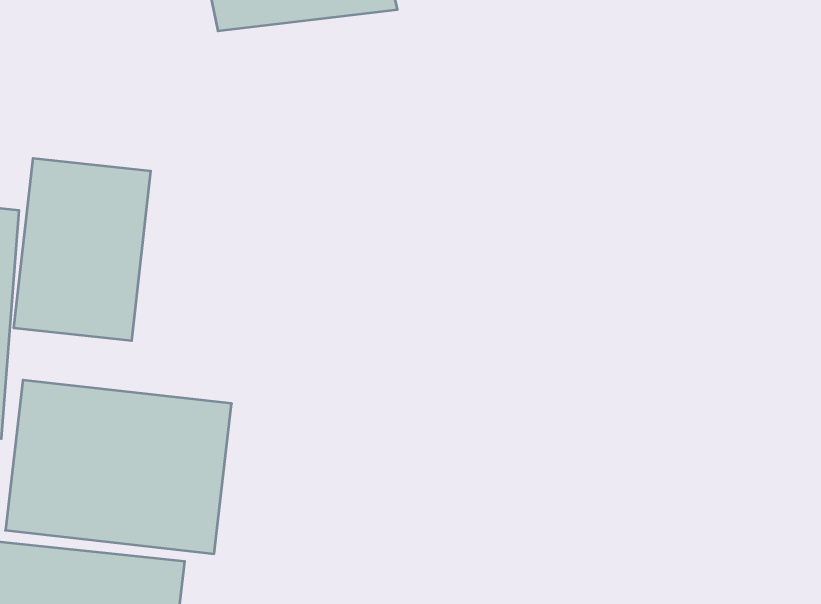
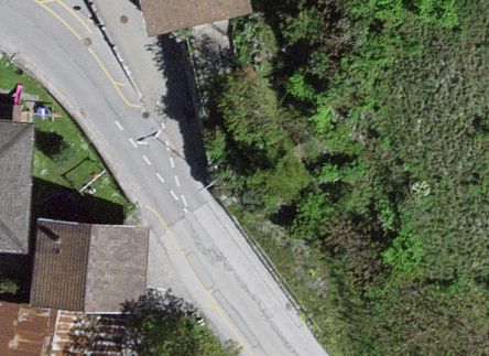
building: [14,158,151,341] -> none

